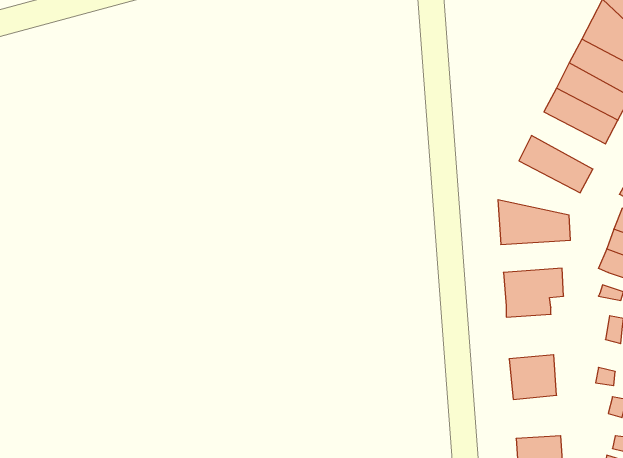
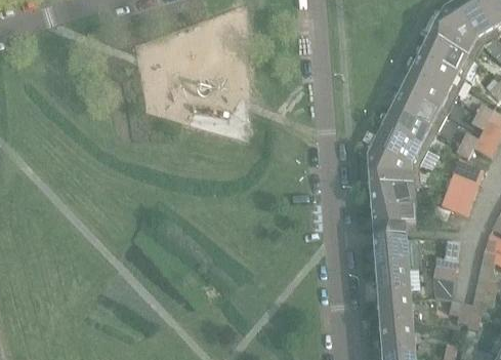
building: none -> [391,87,446,129]
building: none -> [367,123,427,163]
building: none -> [369,182,420,205]
building: none -> [373,235,422,269]
building: none -> [378,295,413,327]

